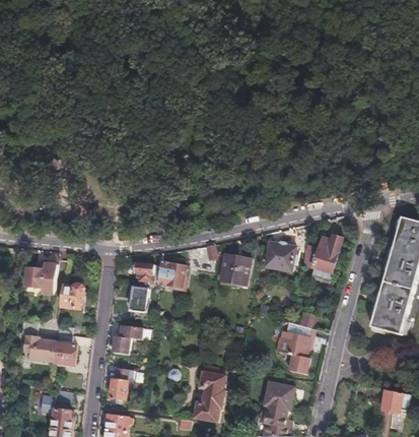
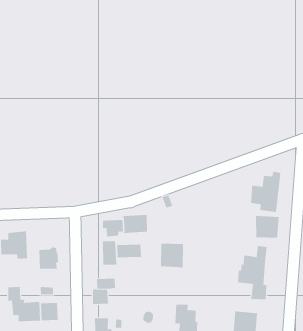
building: [267,241,296,269] -> [255,215,279,238]
building: [220,253,250,284] -> [160,243,184,268]
building: none -> [116,244,142,258]

